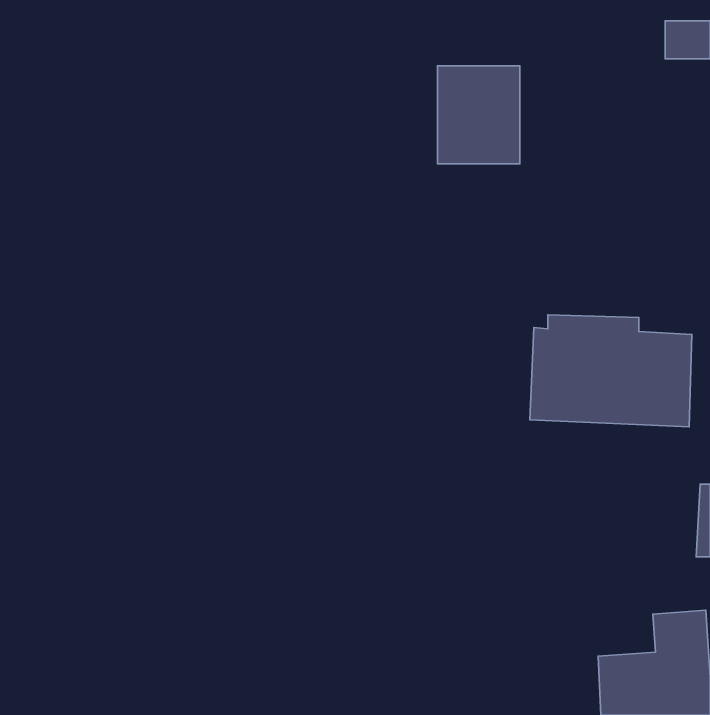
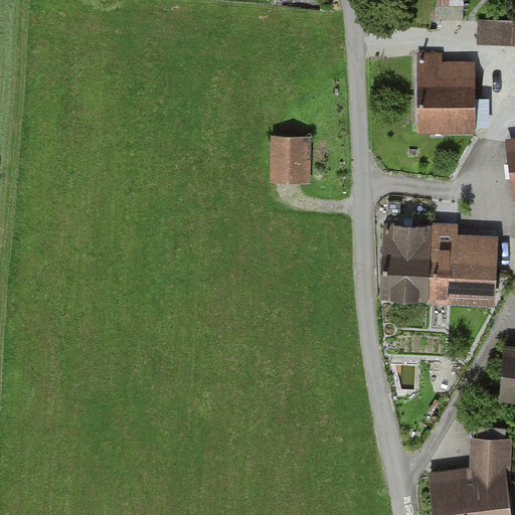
building: [438,66,520,164] -> [414,62,474,133]
building: none -> [271,137,310,184]

